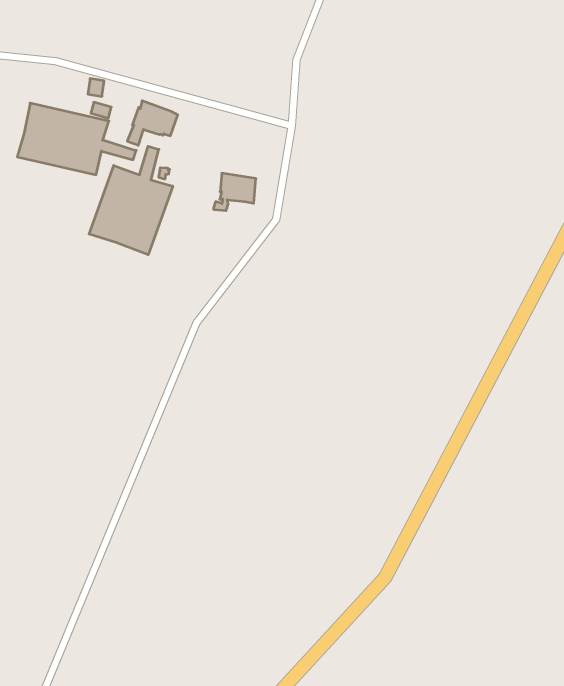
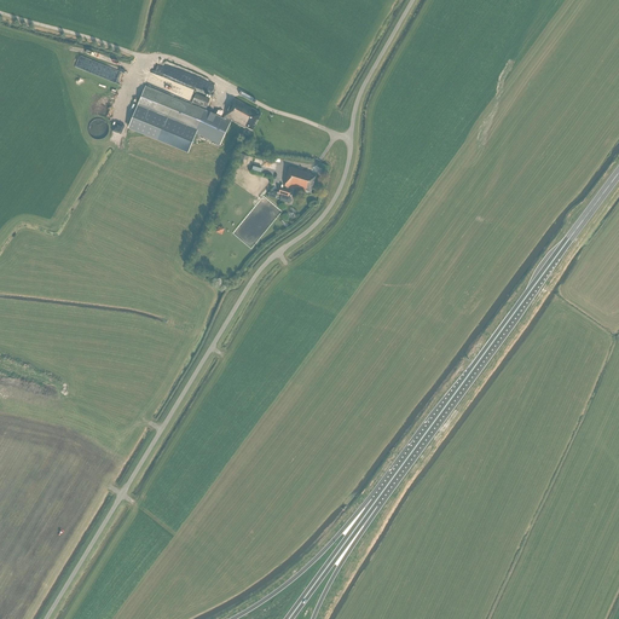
building: [89,146,173,255] -> none

